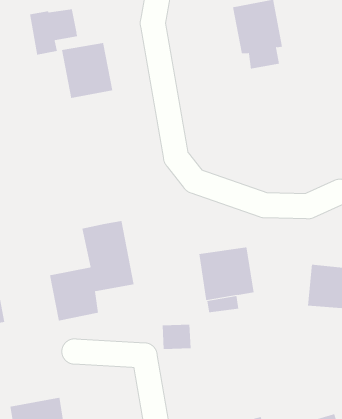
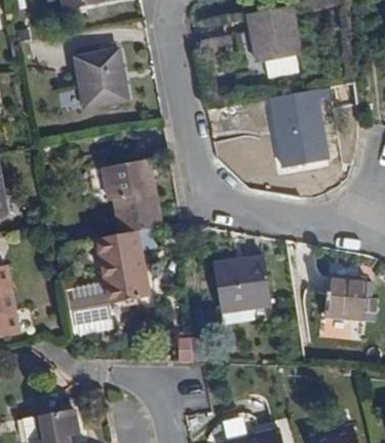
building: [29,9,77,56] -> none
building: none -> [271,87,333,167]
building: none -> [104,159,162,234]

